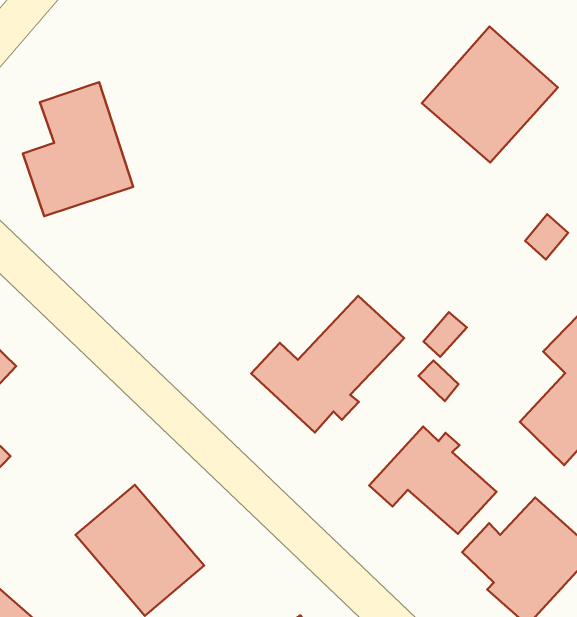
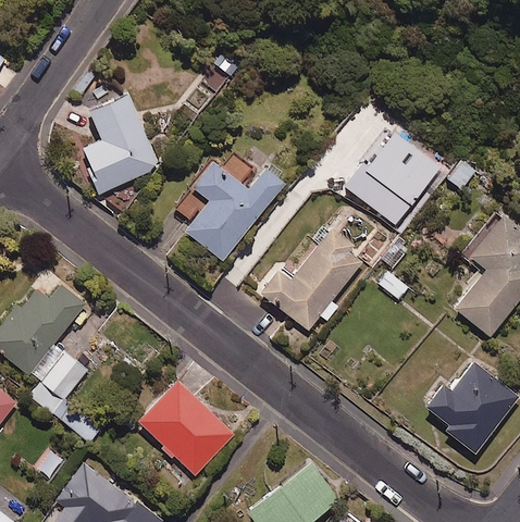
building: [422,27,558,163] -> [341,128,437,226]
building: none -> [183,161,283,263]
building: [369,426,497,534] -> none

